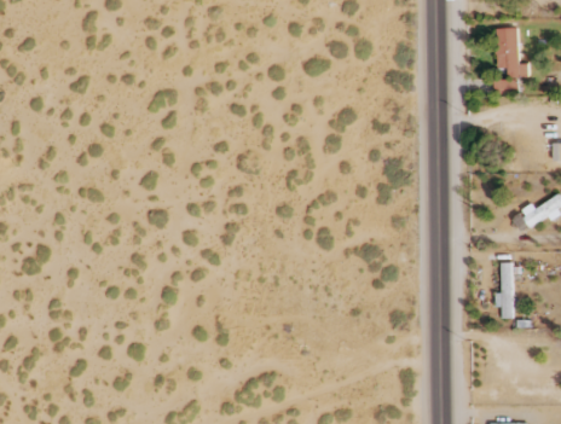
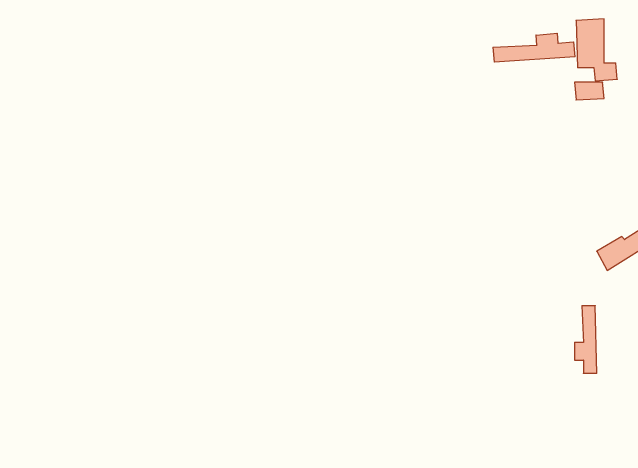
building: none -> [493,33,575,62]

